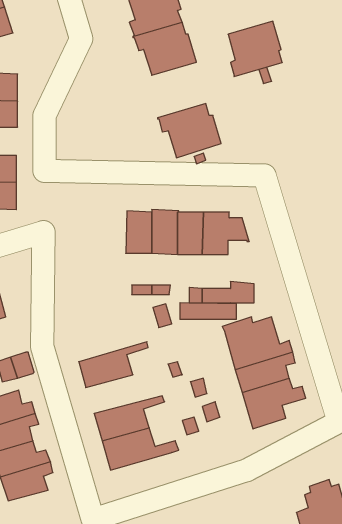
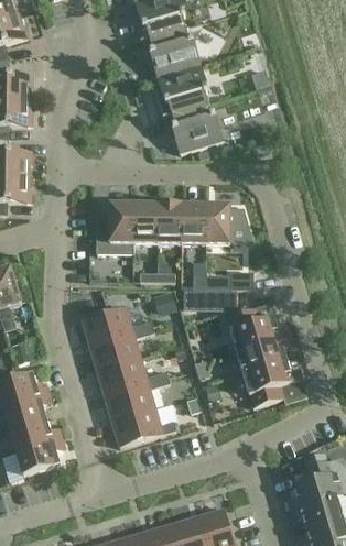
building: [228,21,282,77] -> [158,65,208,117]
building: none -> [96,204,134,254]
building: none -> [82,306,153,345]
building: none -> [96,357,167,393]

